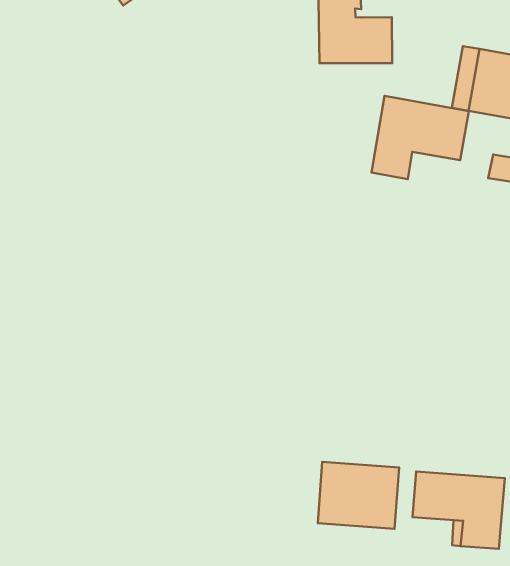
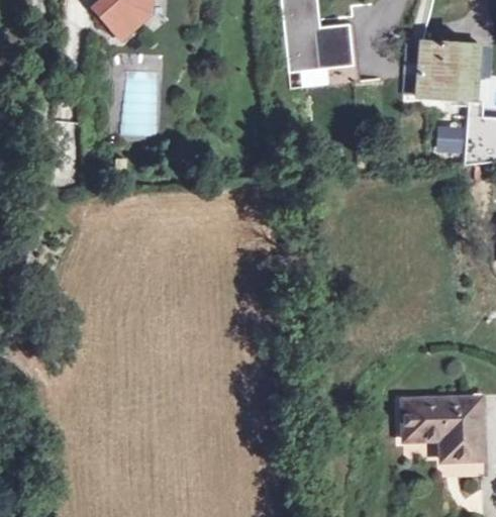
building: [372,96,469,179] -> none
building: [318,462,399,529] -> none

